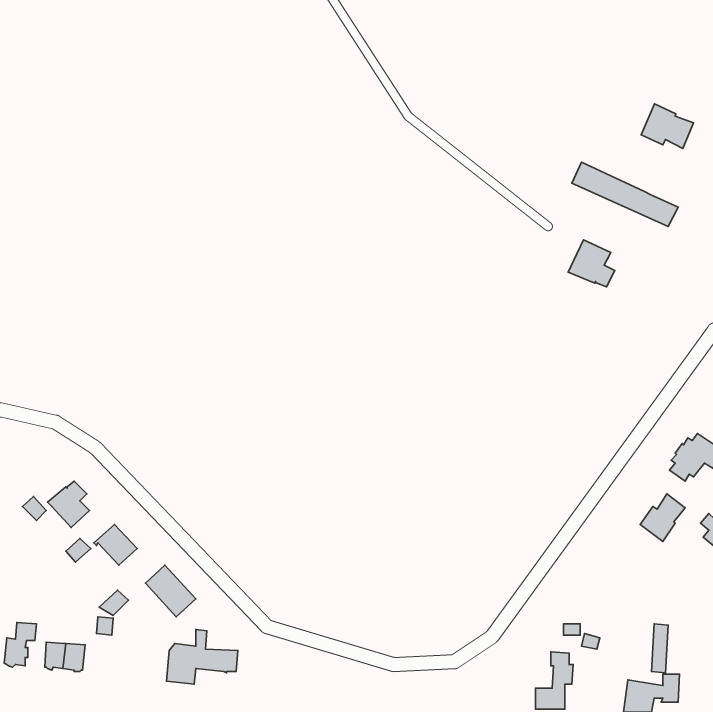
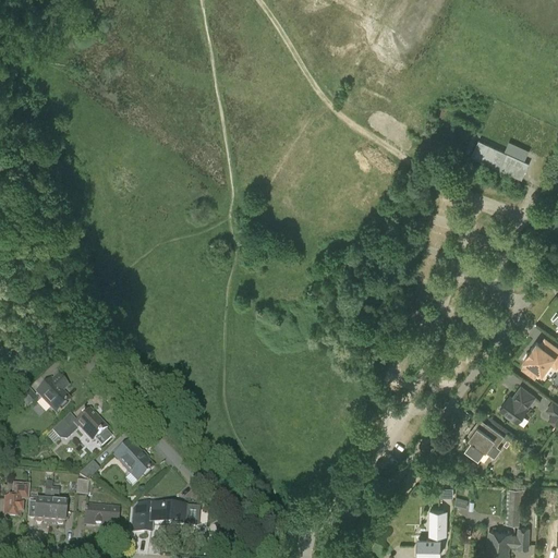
building: [641,104,693,149] -> none
building: [568,240,615,287] -> none
building: none -> [465,422,505,458]
building: none -> [85,505,120,526]

